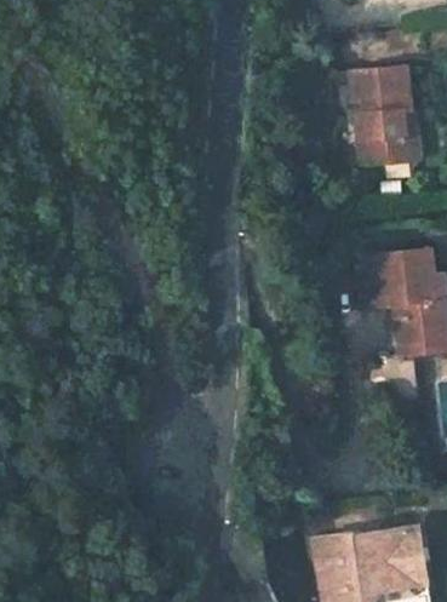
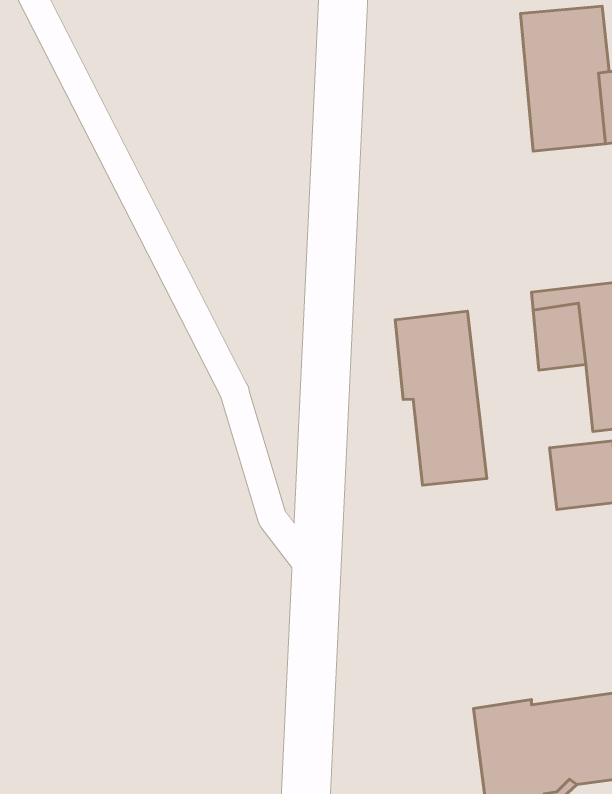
building: none -> [395,311,487,485]

